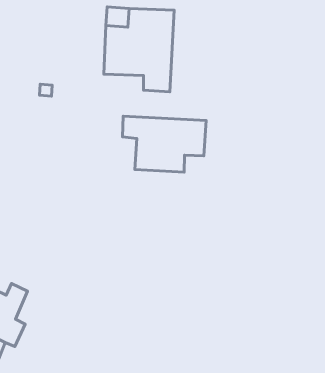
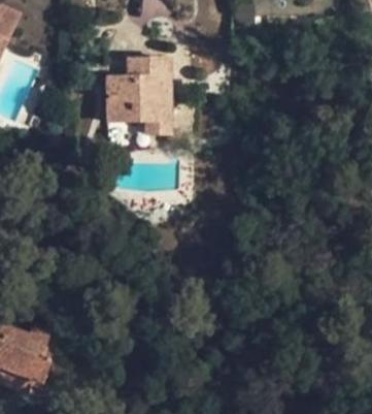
building: [122,116,206,172] -> none

